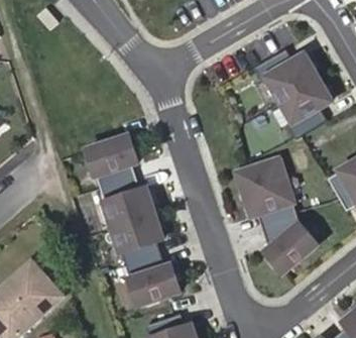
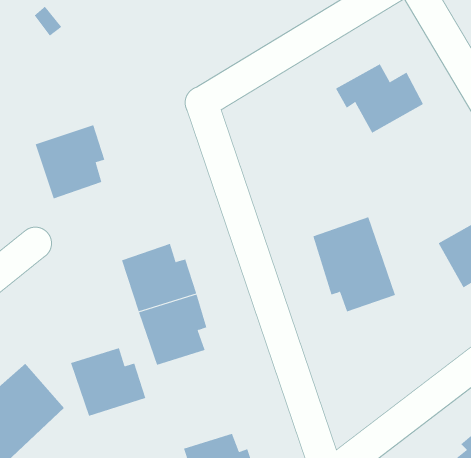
building: [279,78,330,137] -> none
building: [87,136,137,190] -> [35,125,105,199]
building: [261,215,316,271] -> none
building: [125,254,180,304] -> [70,348,146,416]

